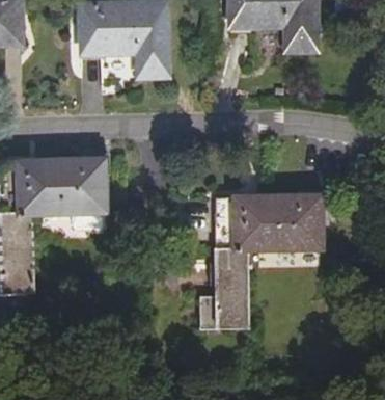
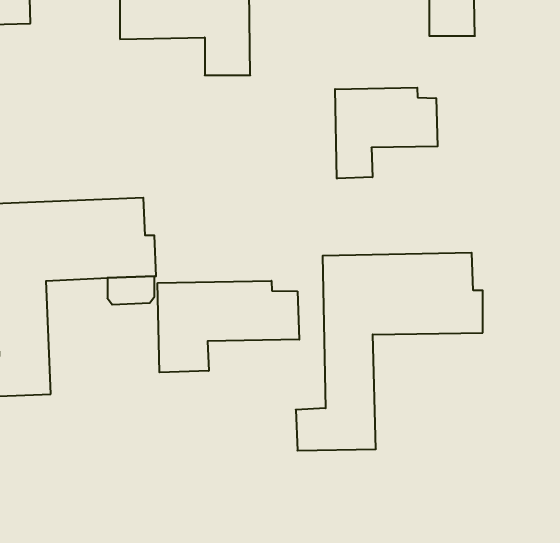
building: none -> [335,88,438,179]
building: none -> [158,281,299,372]

